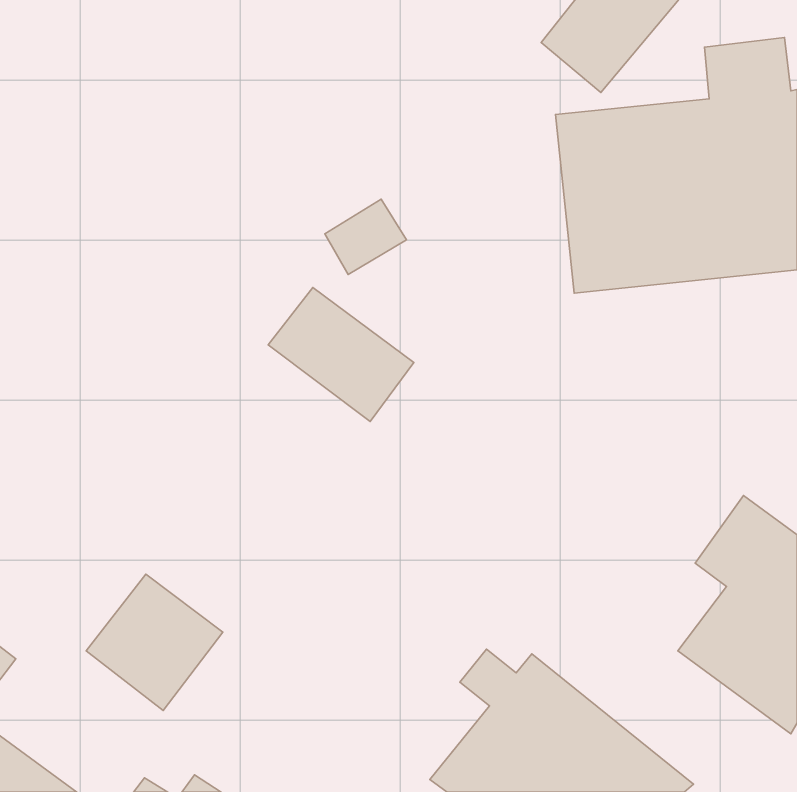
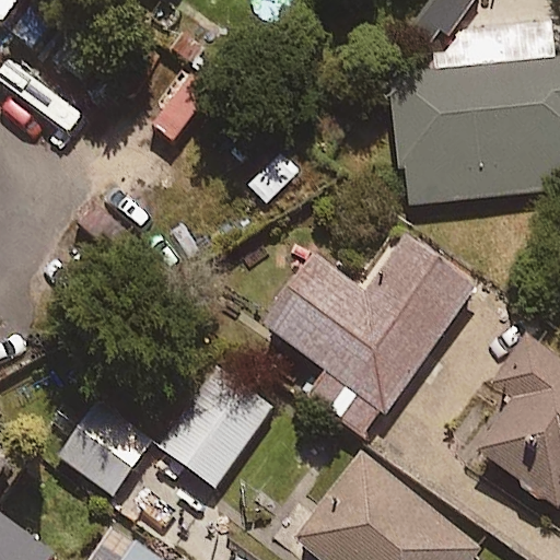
building: [268,287,414,421] -> none
building: none -> [271,240,478,435]
building: none -> [161,364,275,486]

